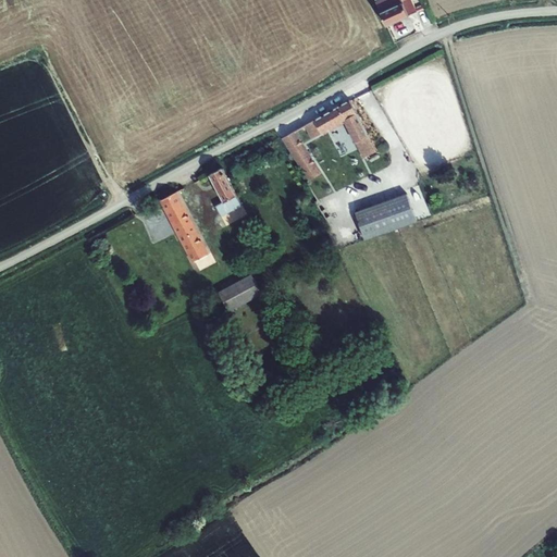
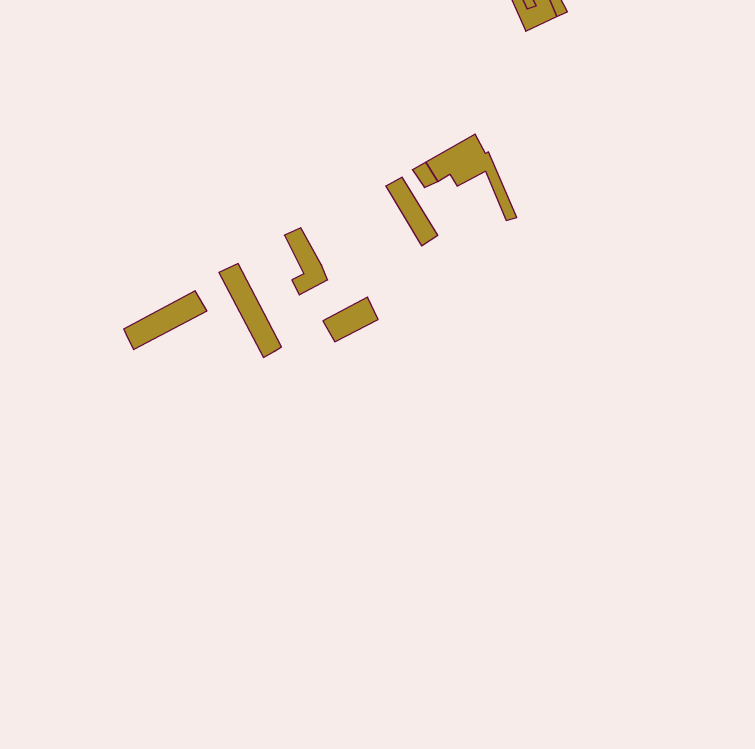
building: [356,196,416,239] -> none
building: none -> [124,291,207,350]
building: [219,277,259,310] -> [323,297,378,342]

